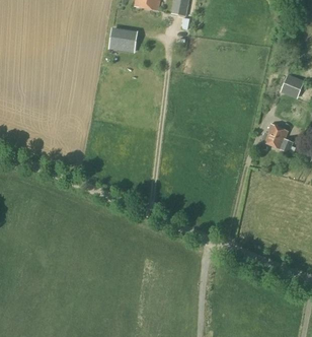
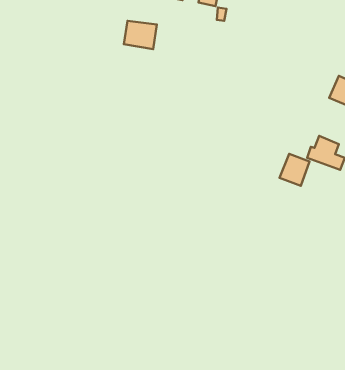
building: none -> [279,154,310,186]

